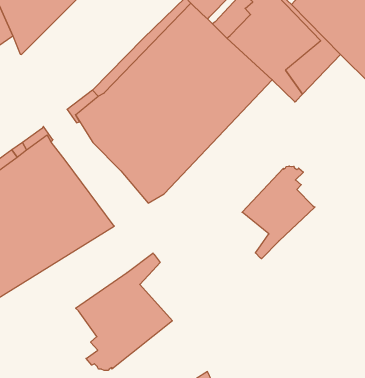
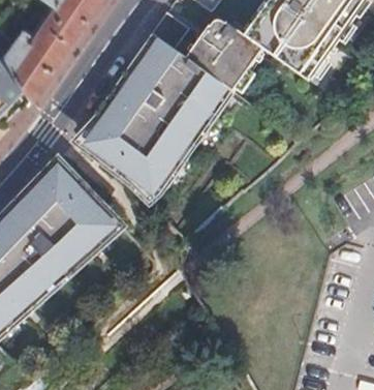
building: [242,166,315,259] -> none
building: [76,253,172,370] -> none

